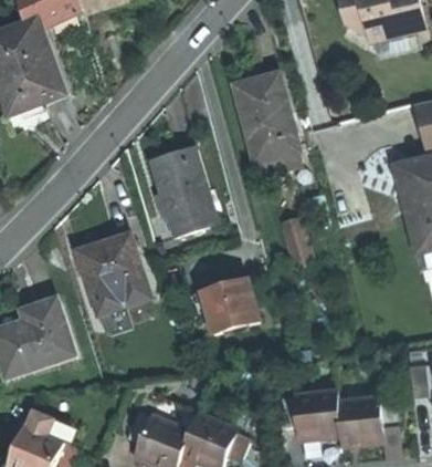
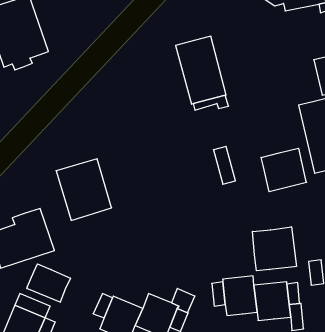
building: [148,146,215,236] -> none
building: none -> [261,148,306,192]
building: [183,277,256,334] -> none
building: none -> [252,227,296,271]
building: none -> [27,264,70,302]

